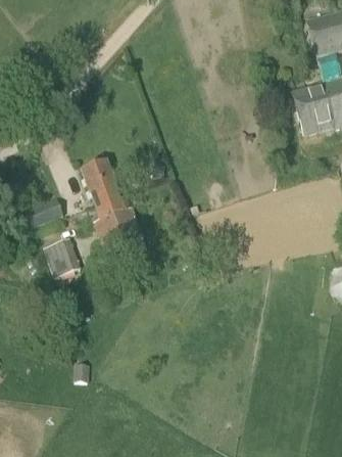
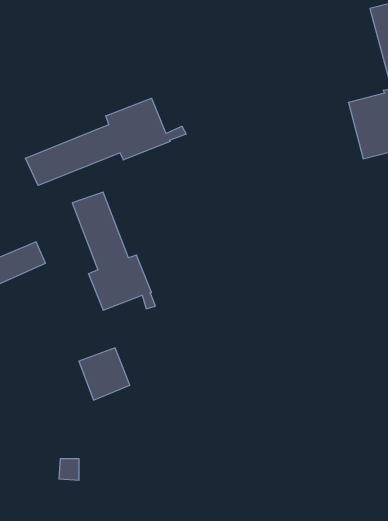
building: none -> [26,98,186,185]
building: [43,237,82,277] -> [79,348,130,400]

